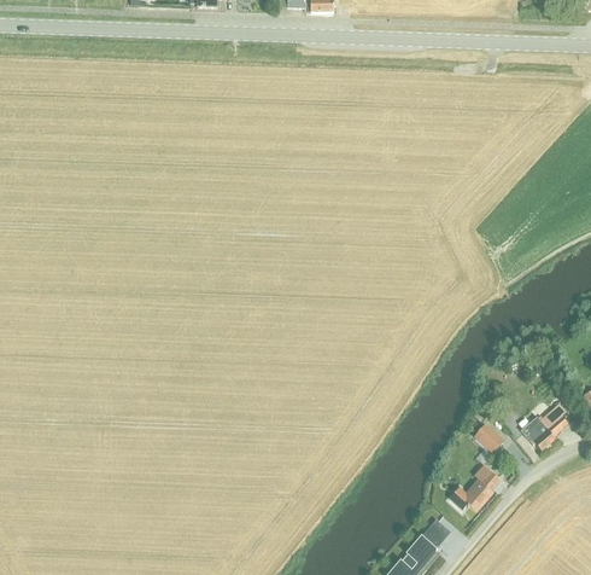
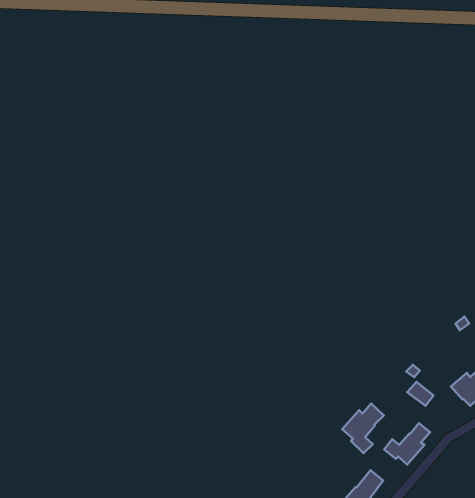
building: none -> [342,403,384,453]

